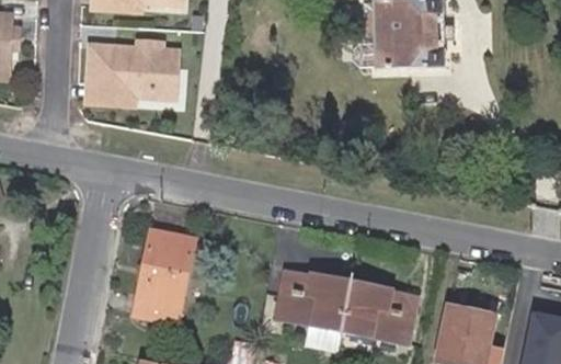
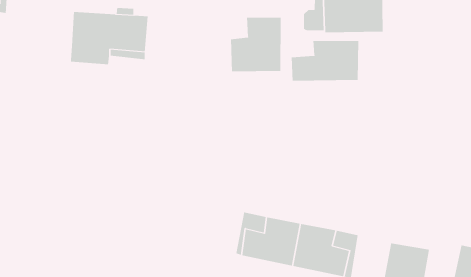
building: none -> [231,17,281,72]
building: none -> [291,40,359,82]
building: [136,229,195,325] -> none

